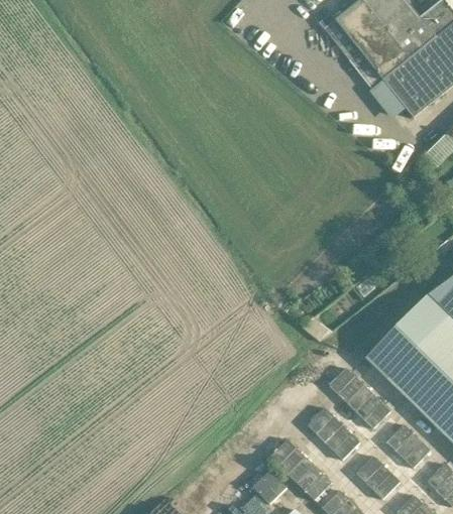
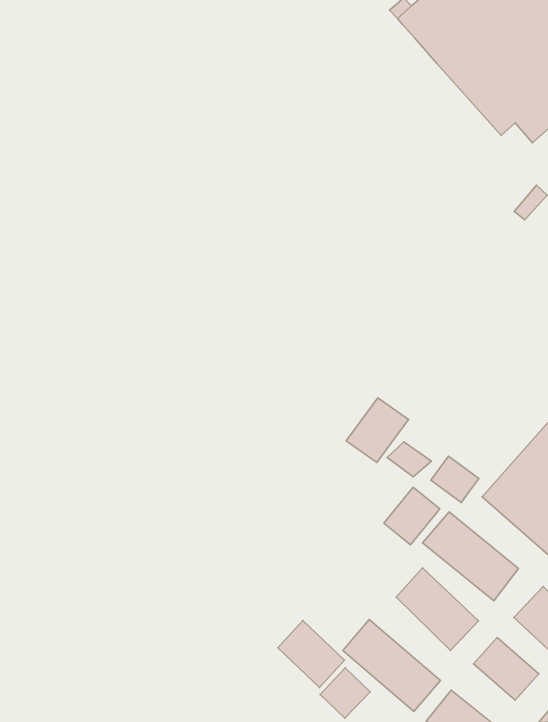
building: none -> [346,398,408,463]
building: none -> [431,456,479,502]
building: none -> [384,487,440,545]
building: none -> [278,621,345,687]

